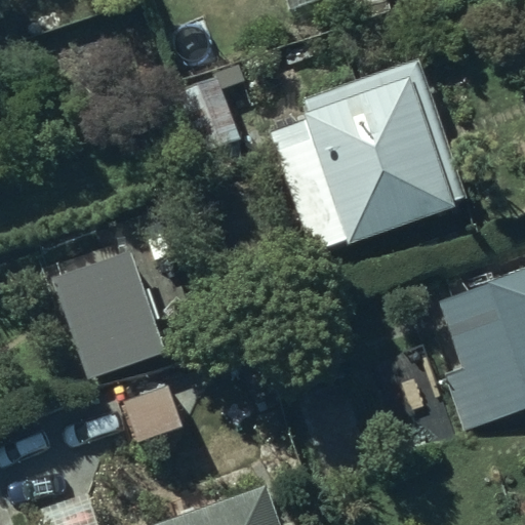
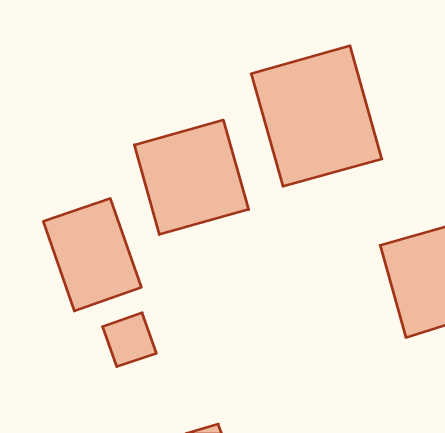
building: none -> [134,120,249,235]

